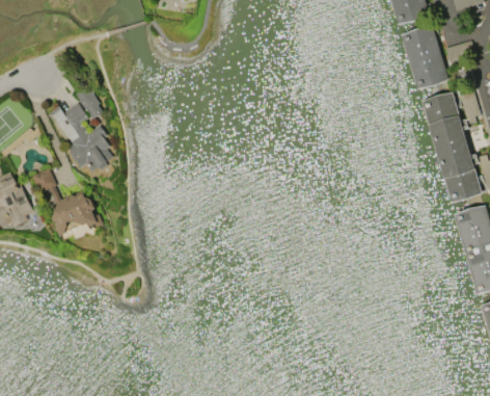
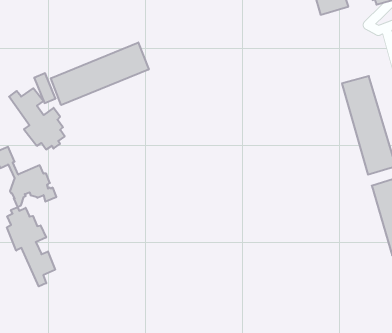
building: [401,25,447,87] -> none
building: none -> [51,42,149,105]
building: none -> [7,207,55,286]

